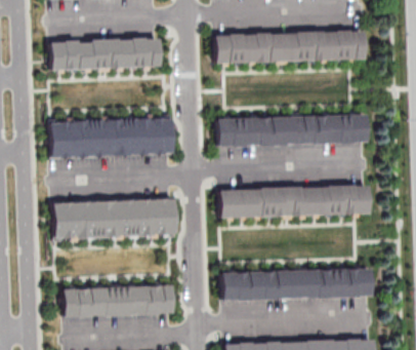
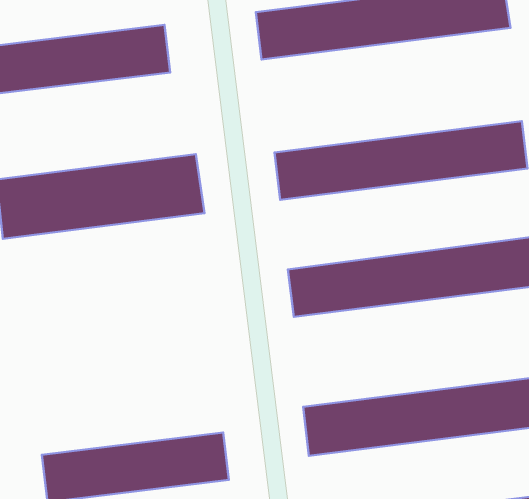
building: [53,198,176,239] -> none

